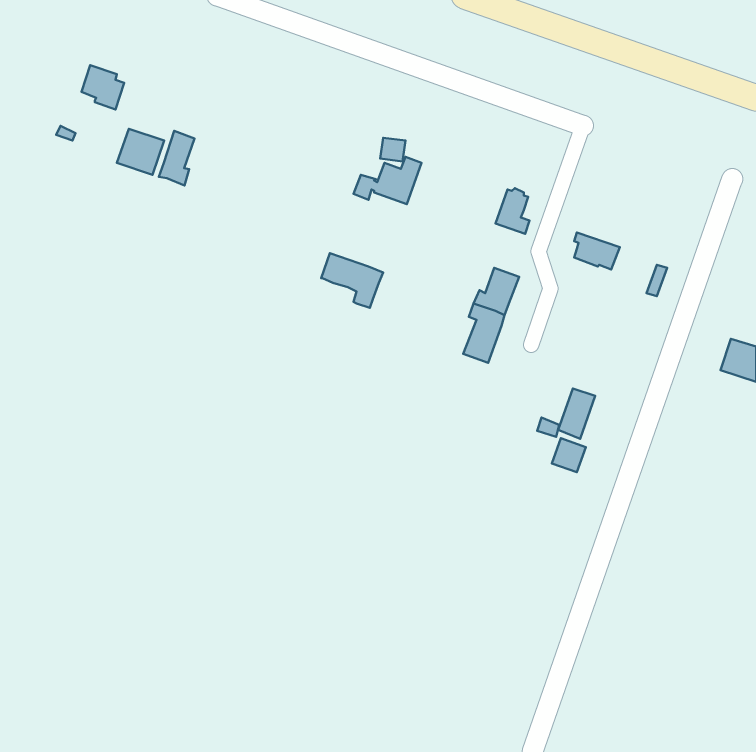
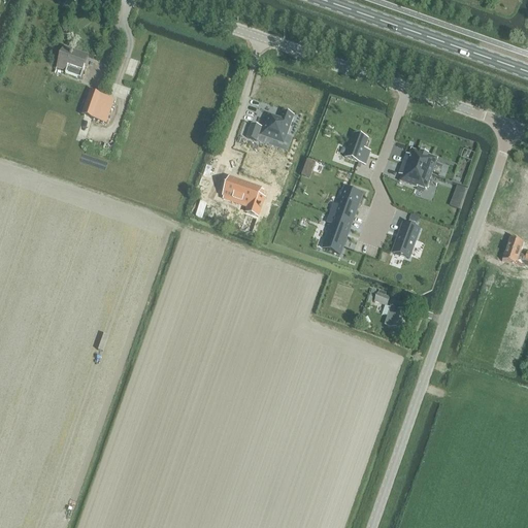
building: [159,131,194,185] -> none
building: none -> [402,146,437,172]
building: [558,388,595,439] -> [393,222,419,257]

